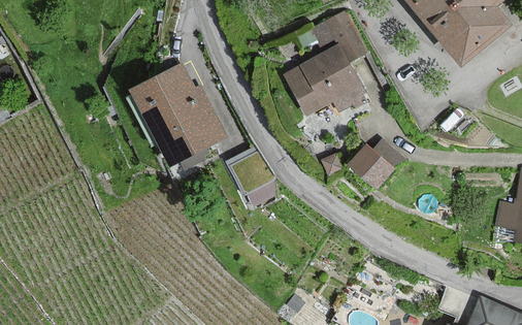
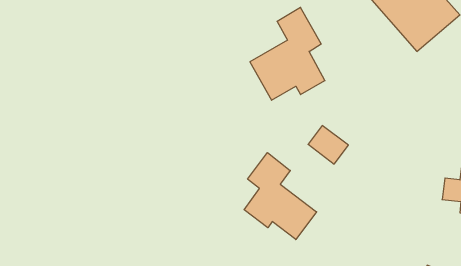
building: [132,63,223,162] -> none
building: none -> [244,153,317,240]

